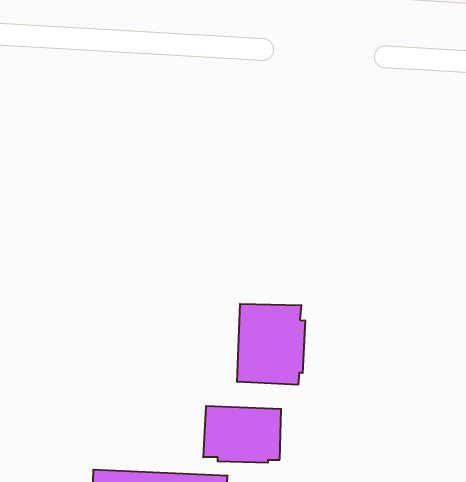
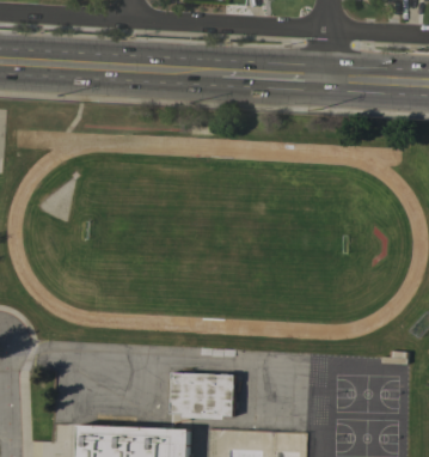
building: [237,304,305,385] -> none

